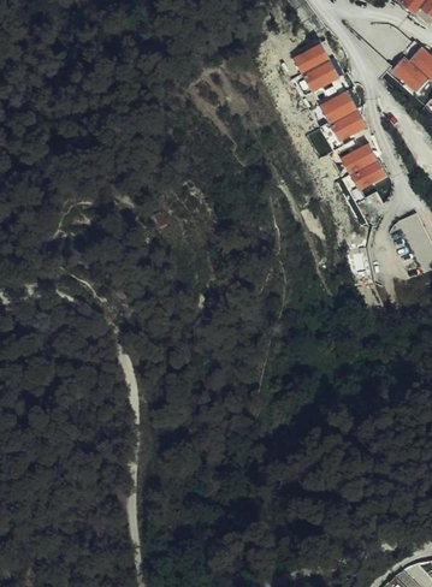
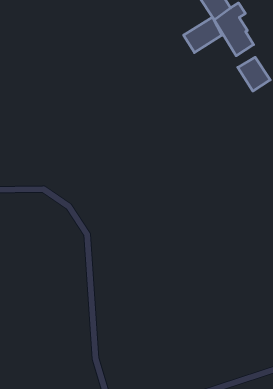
building: none -> [184,17,222,53]

